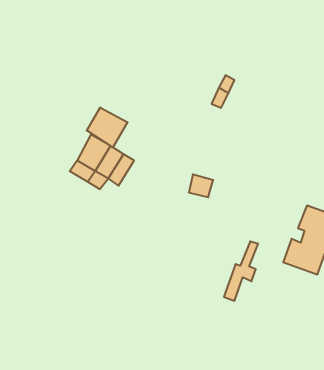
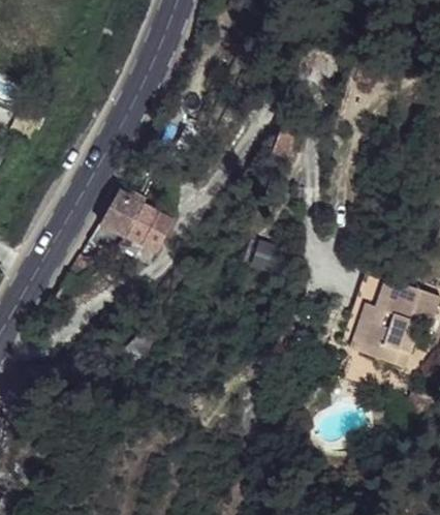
building: [87,107,128,147] -> none
building: [224,241,258,301] -> [349,273,392,349]

